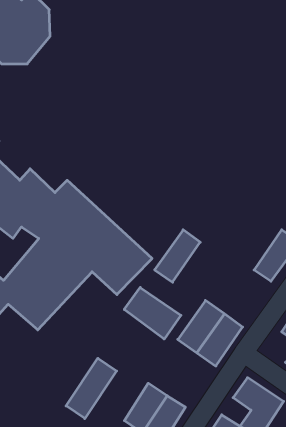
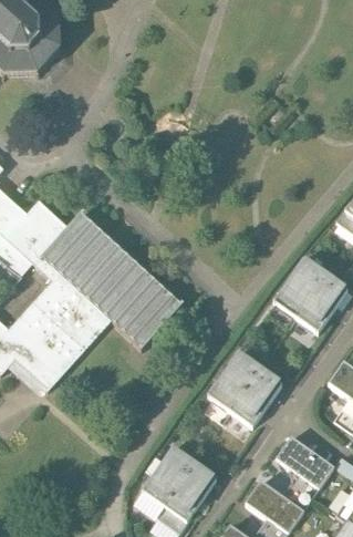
building: [155,230,200,282] -> [277,254,330,314]
building: [124,287,181,339] -> none
building: [66,358,117,419] -> none

